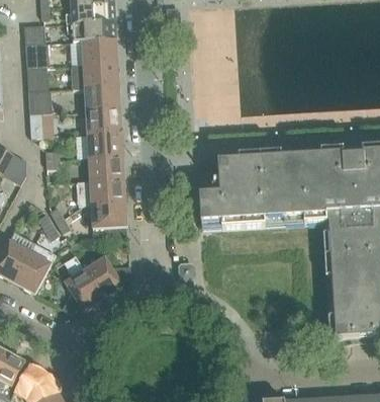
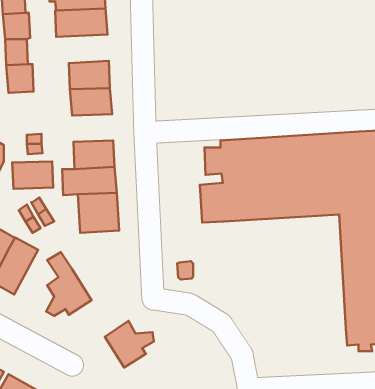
building: [72,62,118,87] -> none
building: [29,112,53,138] -> none
building: [86,133,122,157] -> [12,161,53,189]
building: [86,256,129,298] -> [105,321,154,368]

